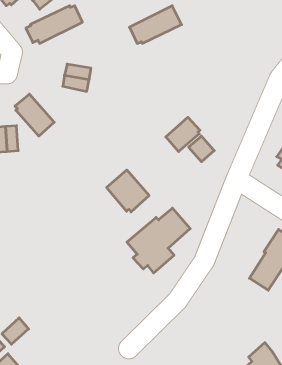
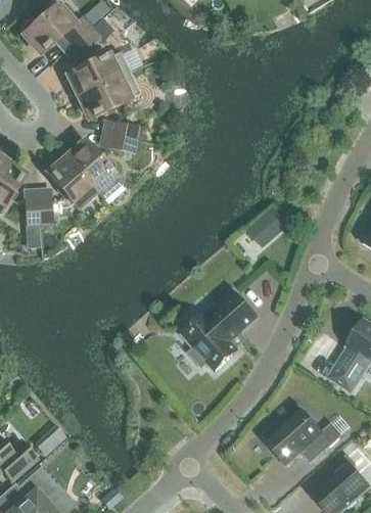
building: [129,6,182,43] -> [78,71,140,115]
building: none -> [65,140,121,198]
building: [166,117,200,152] -> none
building: [107,170,149,212] -> none
building: none -> [263,408,342,464]

